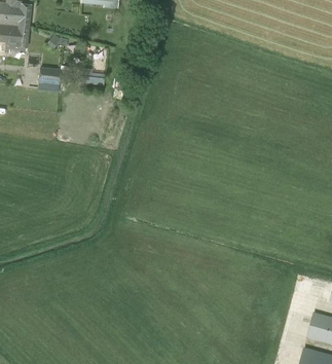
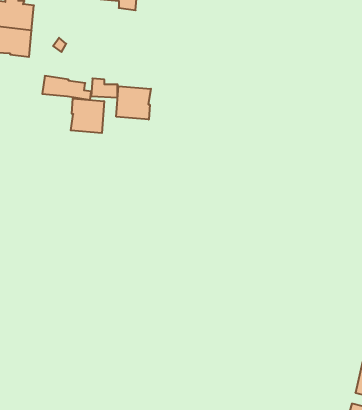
building: none -> [116,86,151,120]
building: none -> [71,98,104,133]

